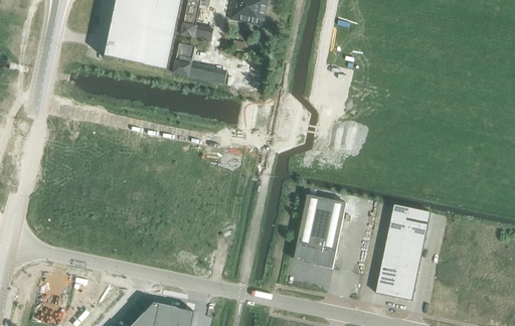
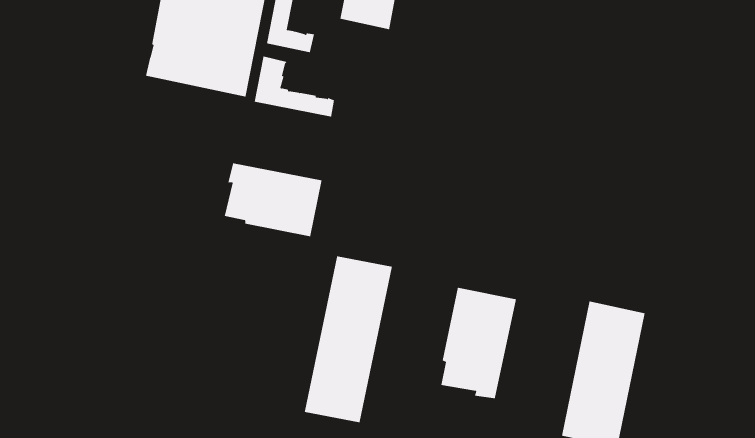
building: none -> [224,163,322,237]
building: none -> [304,255,393,423]

